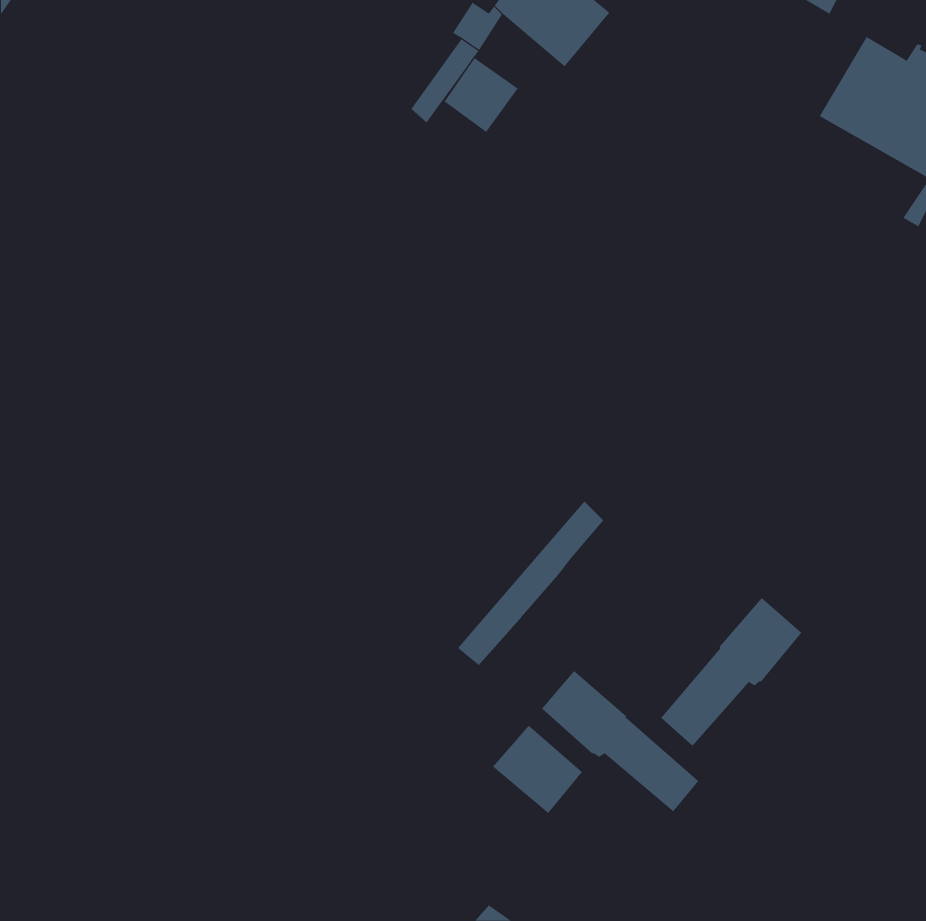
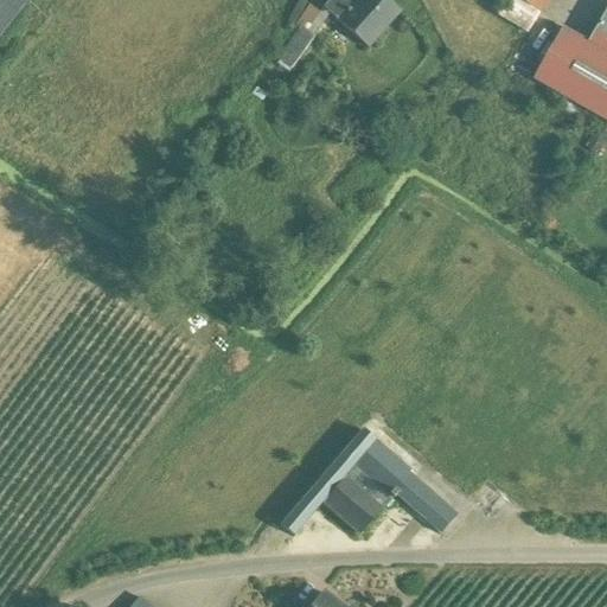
building: [444,57,519,133] -> none
building: [457,501,604,666] -> [280,424,376,532]
building: [661,597,802,747] -> none

